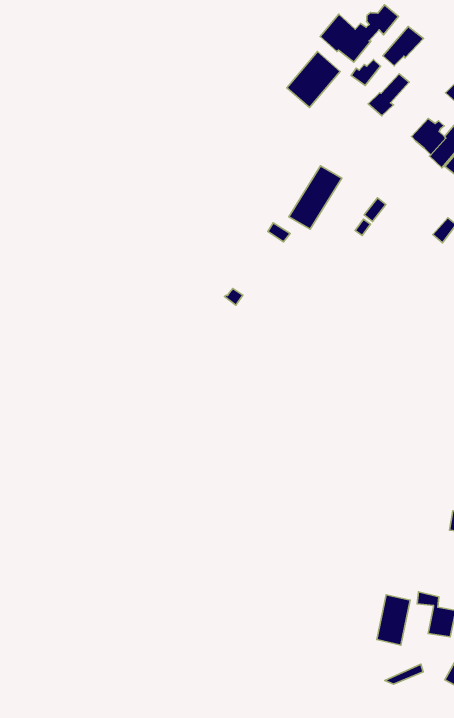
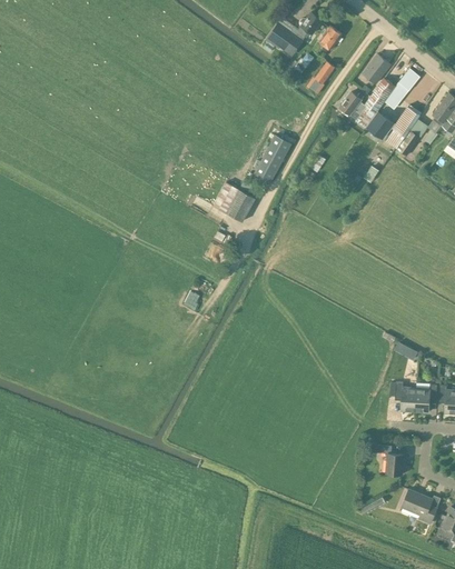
building: [287,51,340,108] -> none
building: none -> [211,181,255,221]
building: [377,595,410,645] -> none

